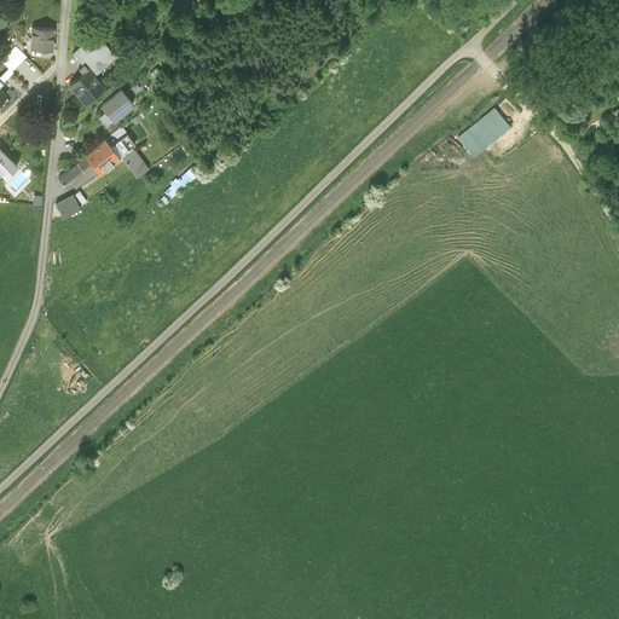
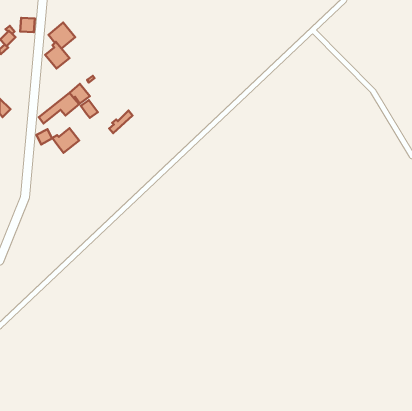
building: [98,89,131,126] -> none
building: [457,108,511,158] -> none
building: none -> [53,128,79,153]

